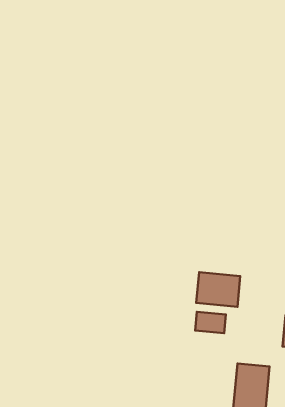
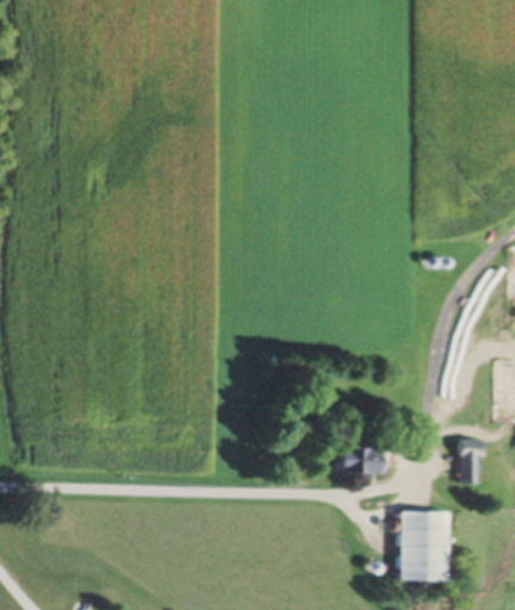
building: [196,272,240,307] -> none

